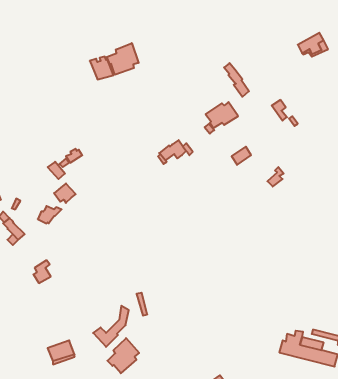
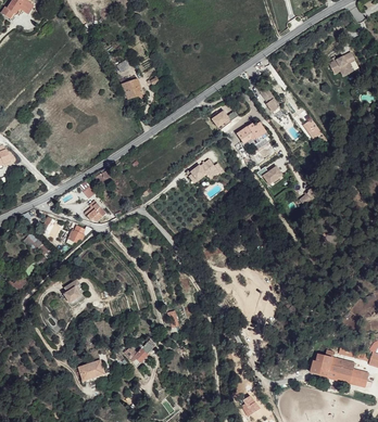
building: [107,43,139,75] -> none
building: [107,338,139,373] -> none

